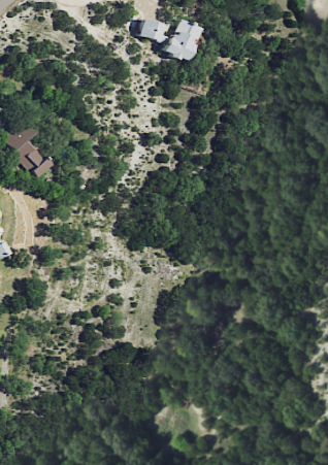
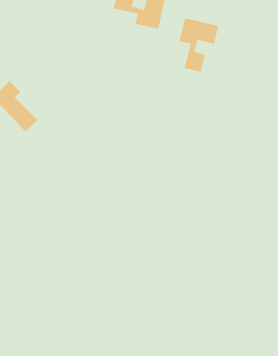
building: none -> [179,18,219,72]

